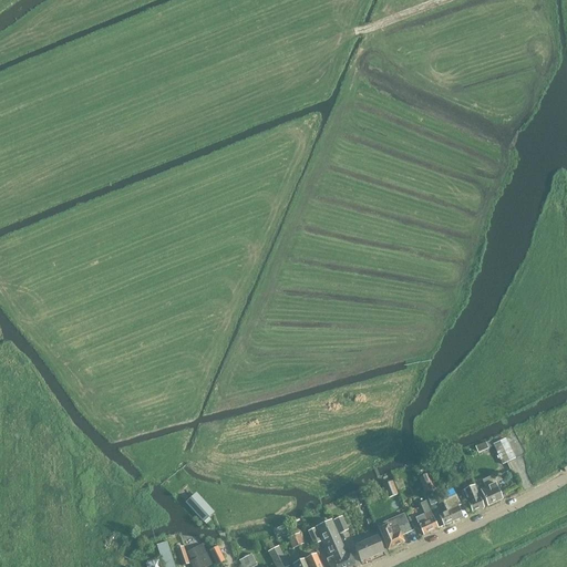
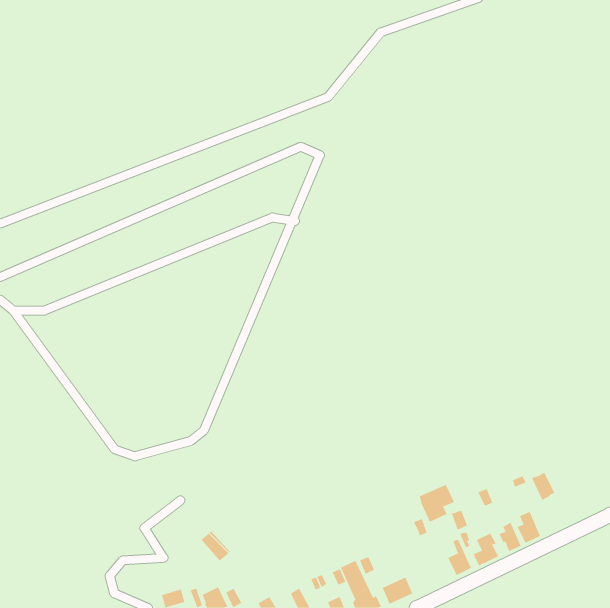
building: [378,513,411,548] -> [419,484,455,522]

